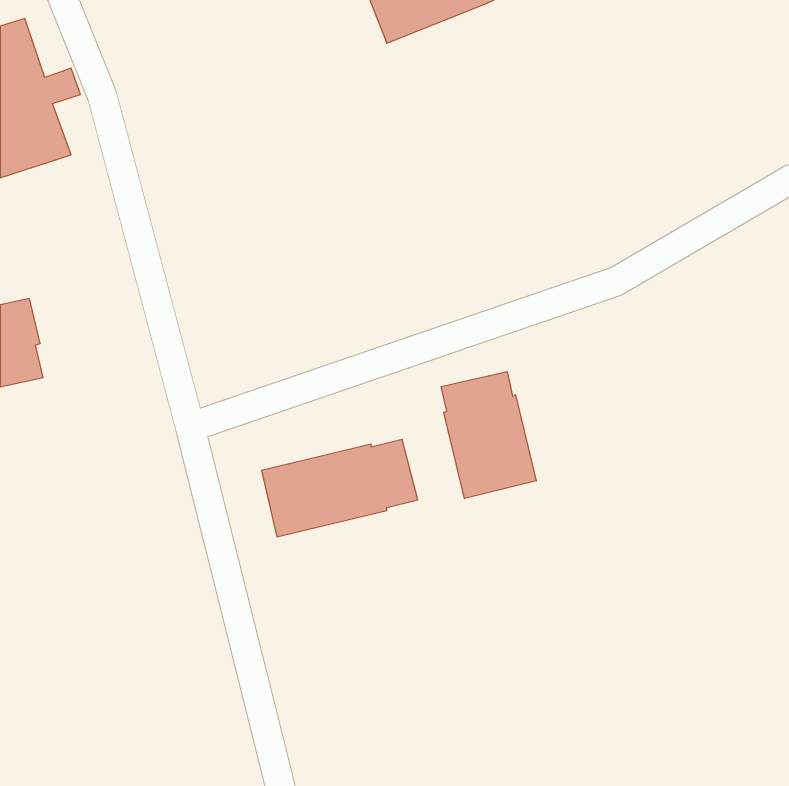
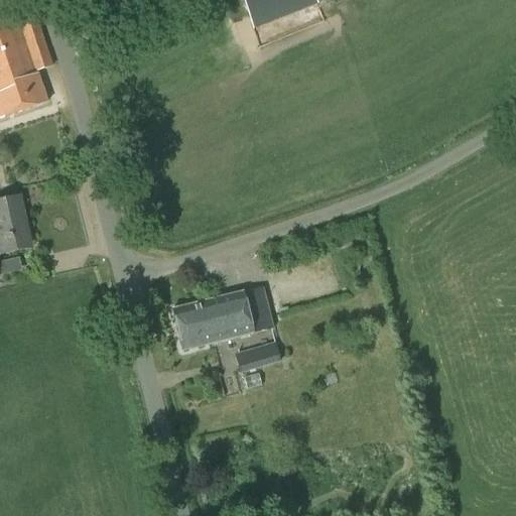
building: [441,372,536,499] -> none
building: none -> [235,340,282,371]

